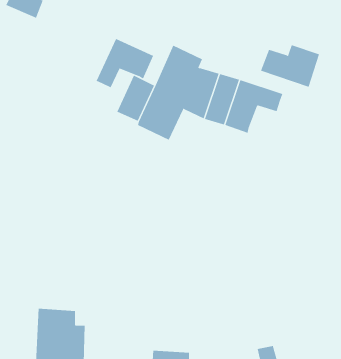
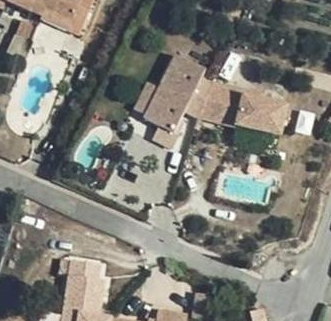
building: [96,38,154,88] -> none
building: [260,45,320,88] -> [242,102,292,138]

